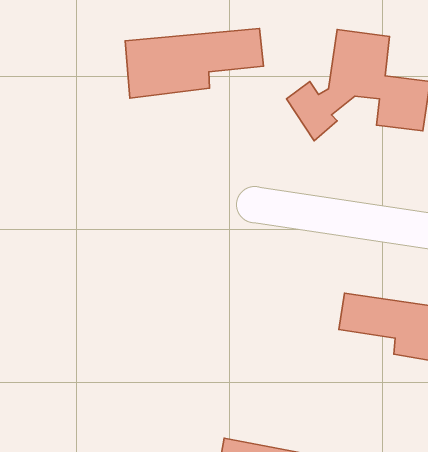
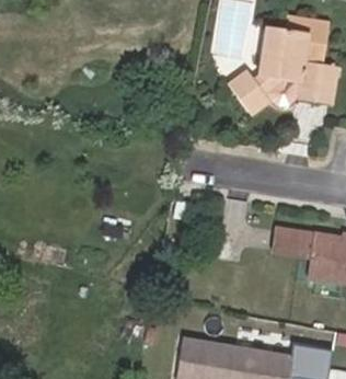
building: [125,28,263,98] -> none

